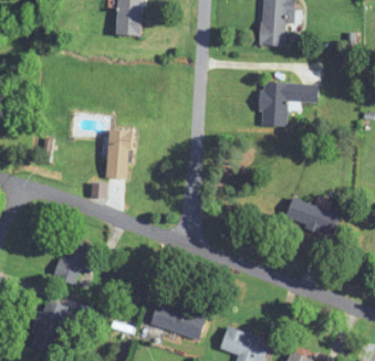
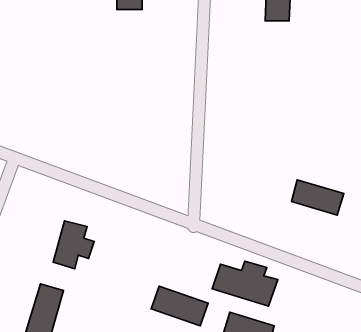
building: [259,82,317,126] -> none
building: [105,129,131,179] -> none
building: none -> [212,261,278,306]

